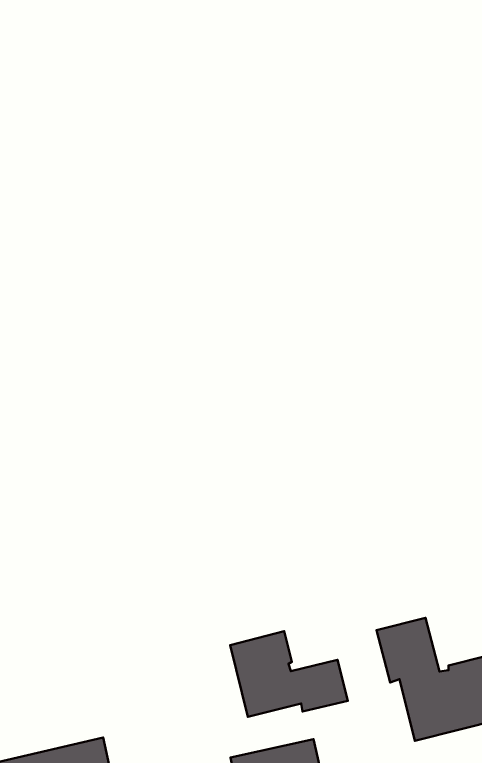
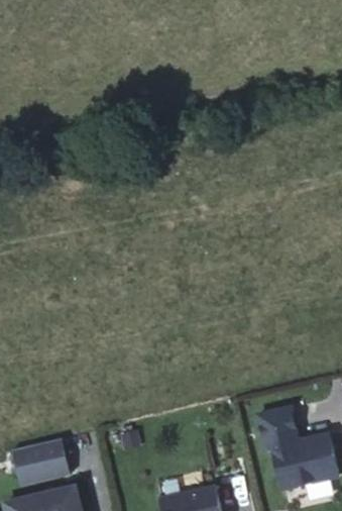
building: [230,631,348,717] -> none
building: none -> [12,438,71,486]

